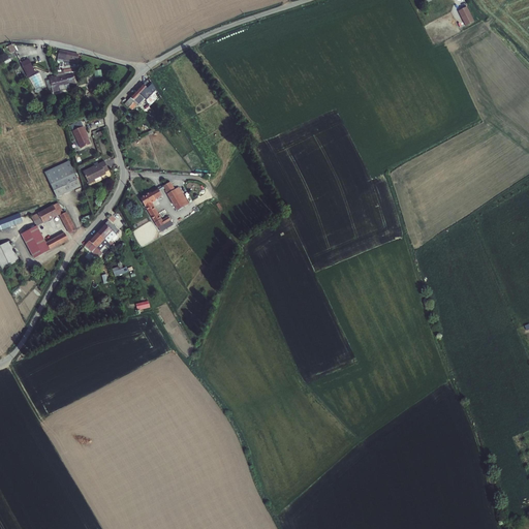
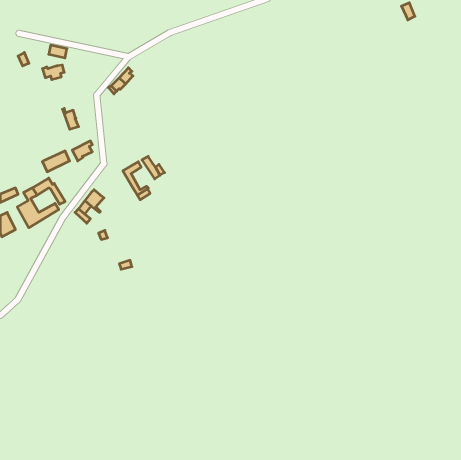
building: [43,158,73,184] -> none

